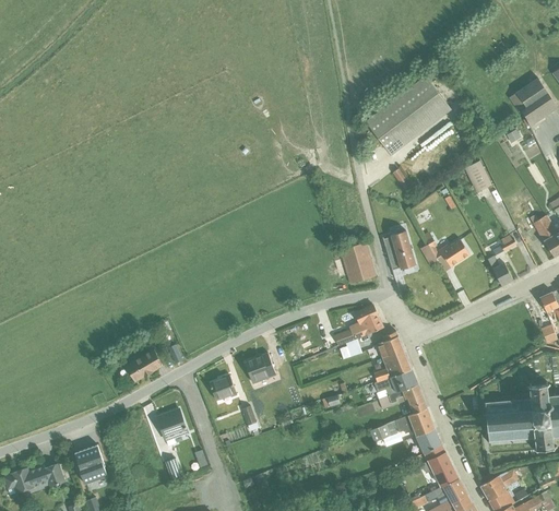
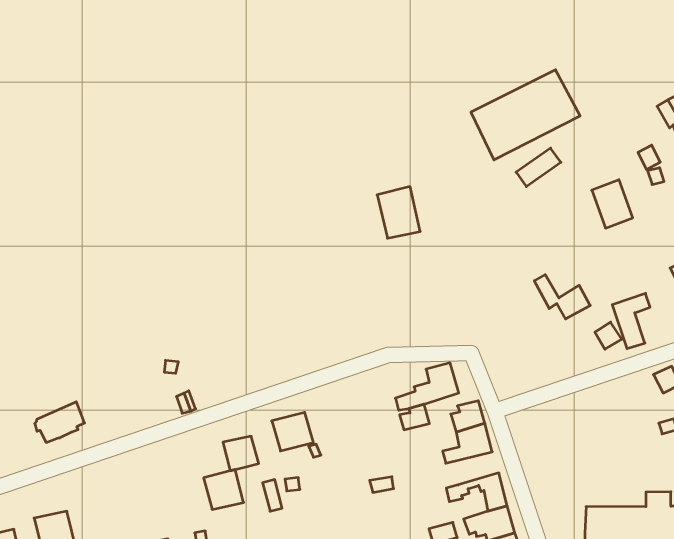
building: [386,230,421,269] -> none
building: [340,236,374,276] -> [377,187,420,238]
building: [124,349,162,382] -> [35,402,85,442]
building: [373,369,417,396] -> none
building: [156,409,188,441] -> [204,469,244,509]

